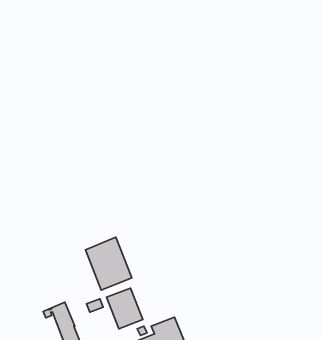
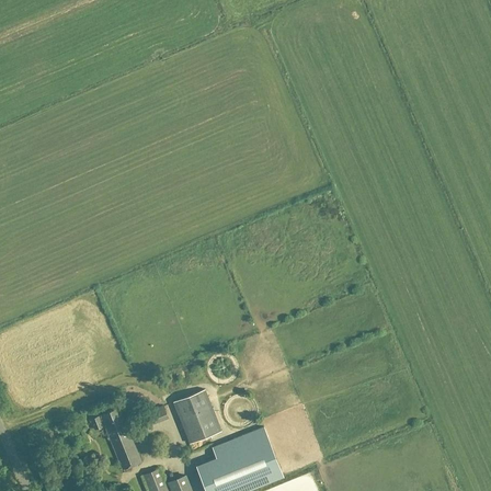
building: [85,237,132,290] -> none

